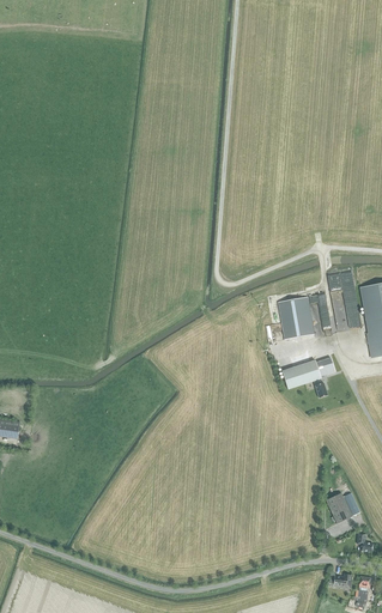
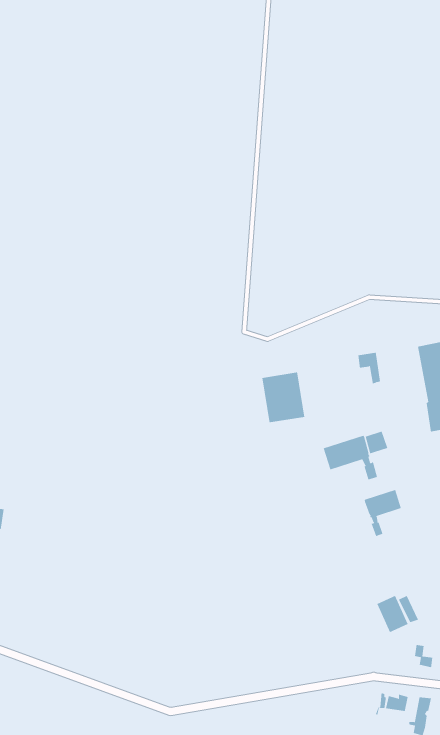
building: [278,296,314,338] -> [261,372,305,423]
building: none -> [364,489,401,537]

